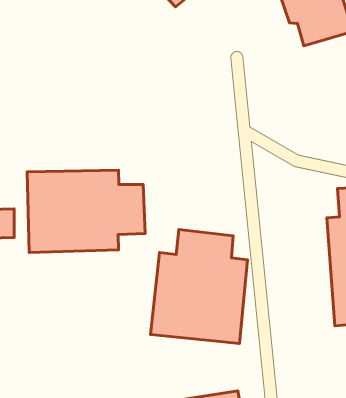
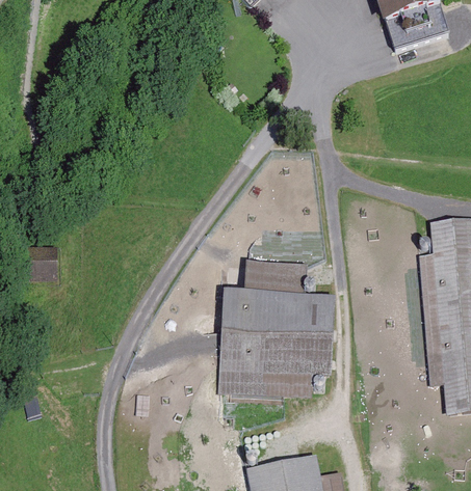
building: [27,170,145,252] -> none

